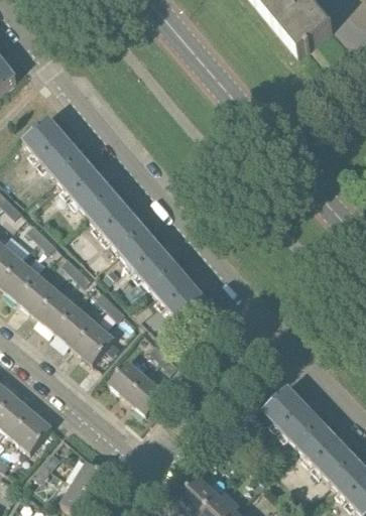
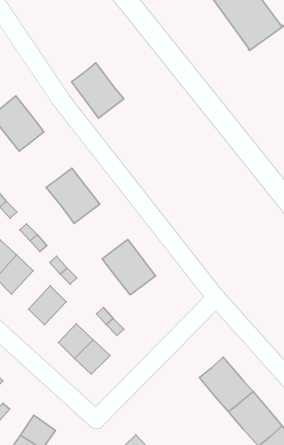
building: [56,157,114,217] -> [71,63,124,118]
building: [120,232,178,290] -> none
building: [56,307,98,349] -> none

